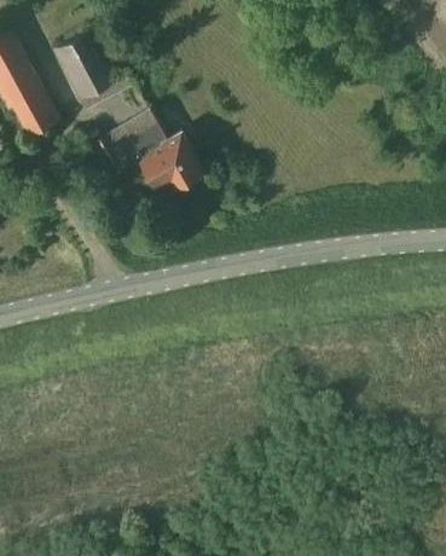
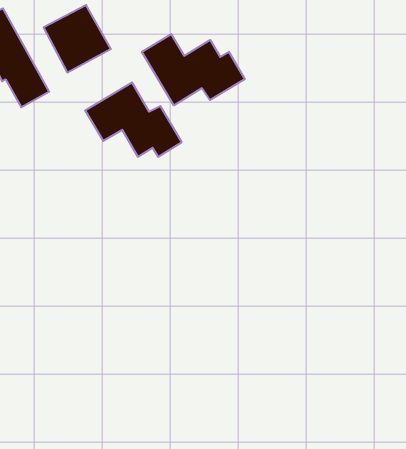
building: none -> [142,34,245,105]

